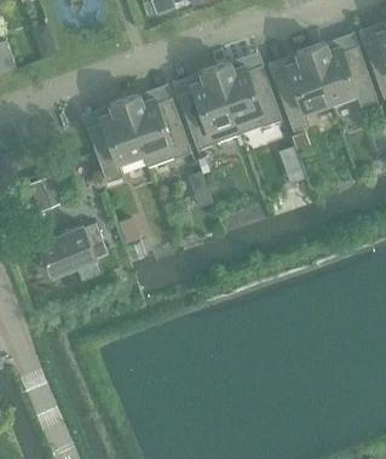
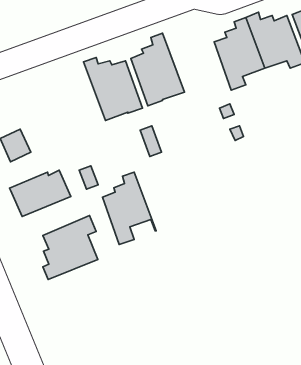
building: [214,61,282,133] -> none
building: [87,98,149,182] -> [102,172,156,245]
building: none -> [43,215,98,279]

